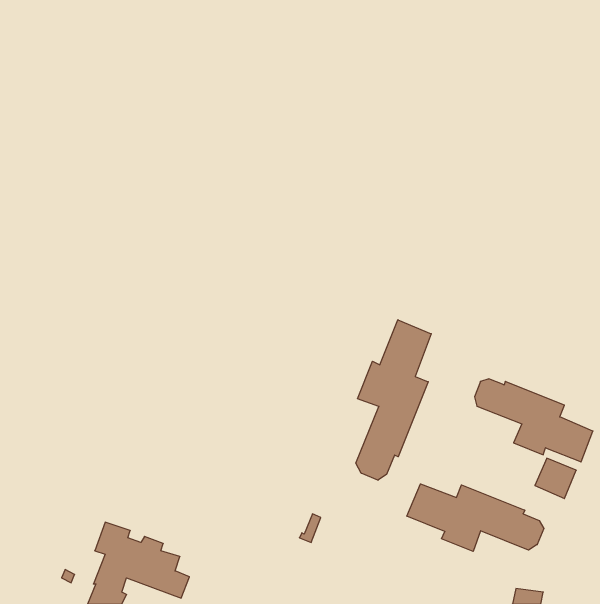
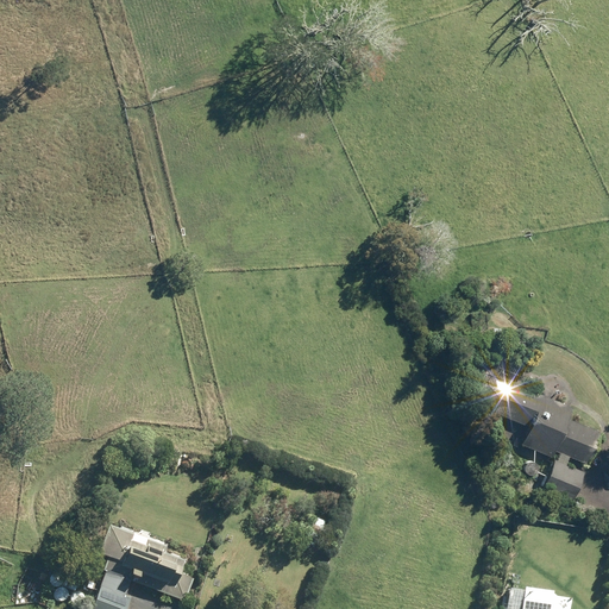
building: [356,320,431,480] -> none
building: [407,484,544,551] -> none

